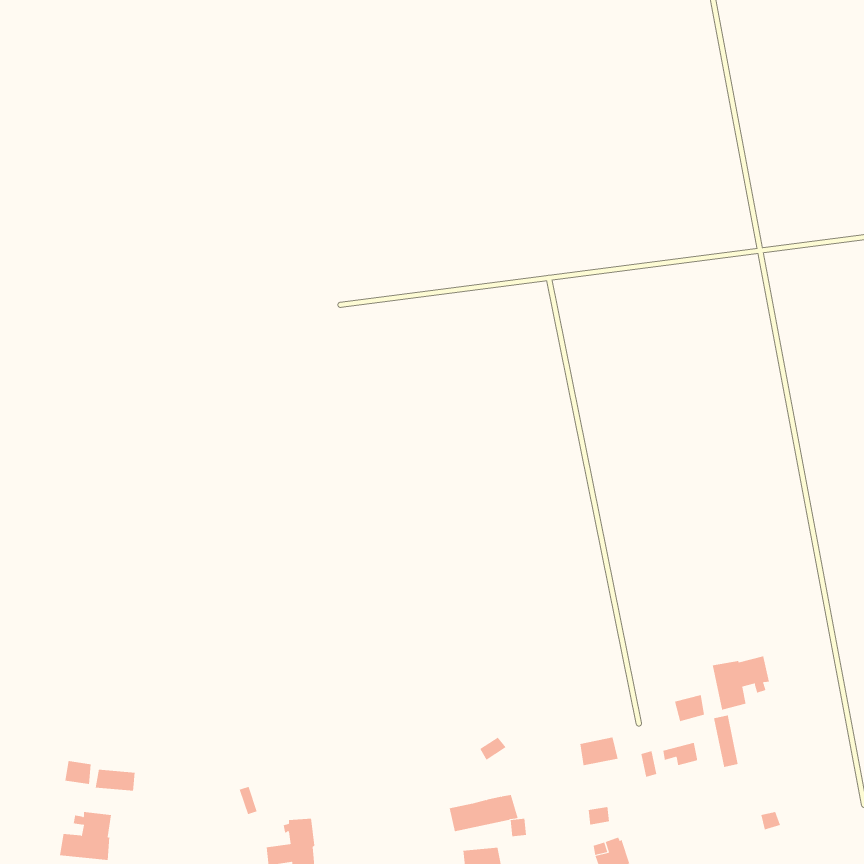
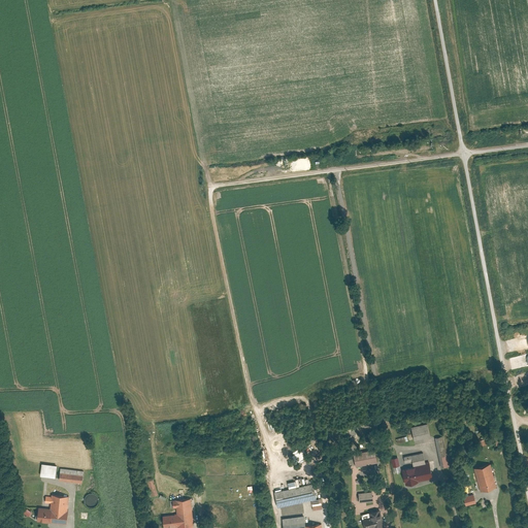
building: [712,656,769,710] -> none
building: none -> [401,462,432,486]
building: none -> [473,464,496,492]

